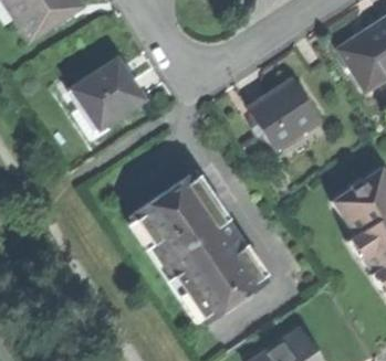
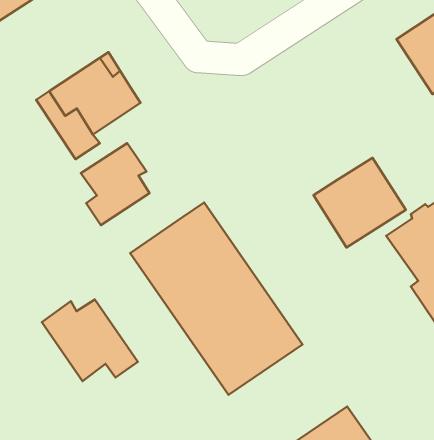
building: [249,77,320,146] -> [313,158,406,247]
building: none -> [81,143,149,225]
building: none -> [42,299,138,381]

